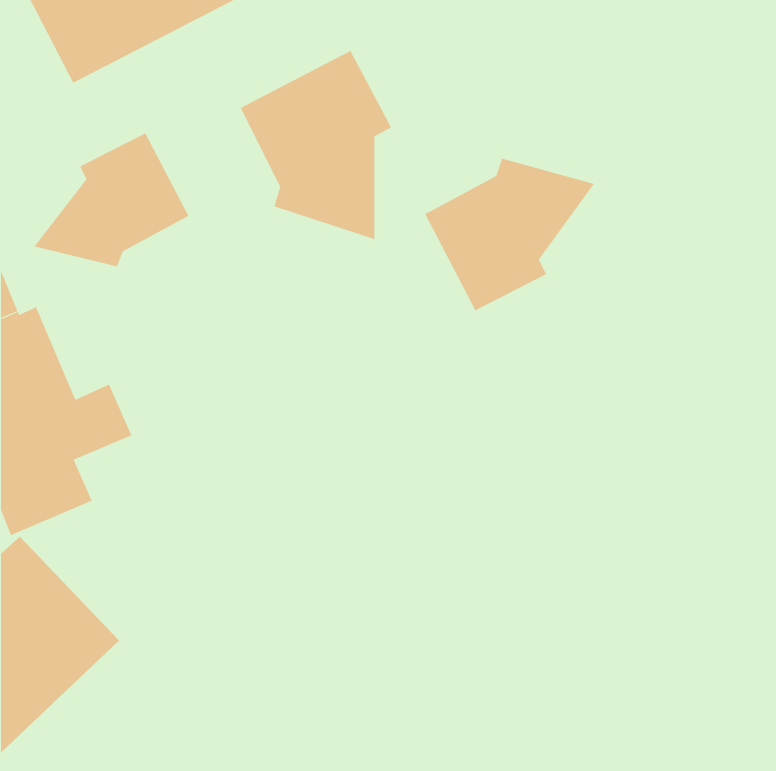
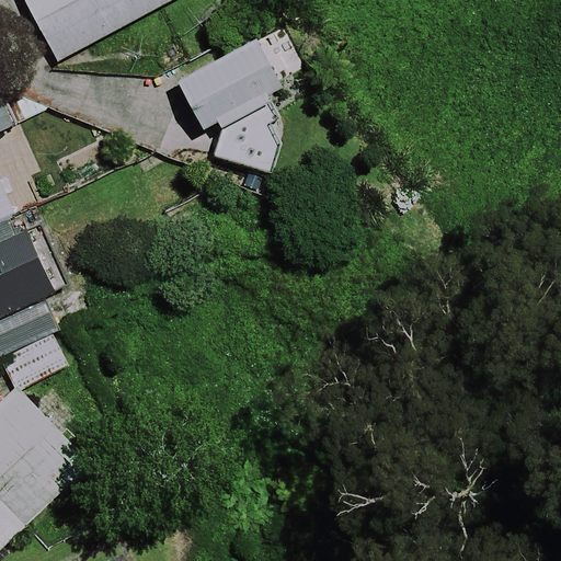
building: [34,132,189,267] -> none
building: [424,158,595,311] -> none

